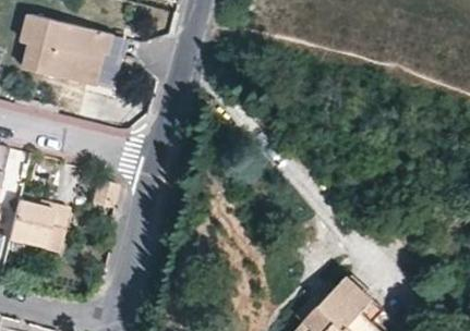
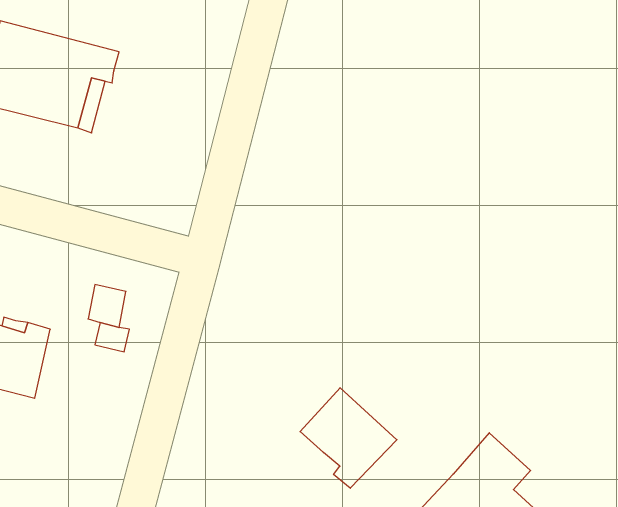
building: none -> [300,388,397,488]

